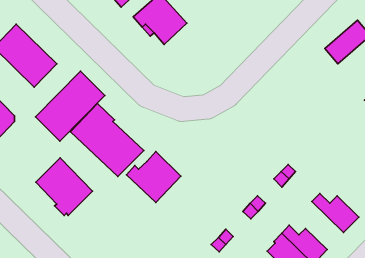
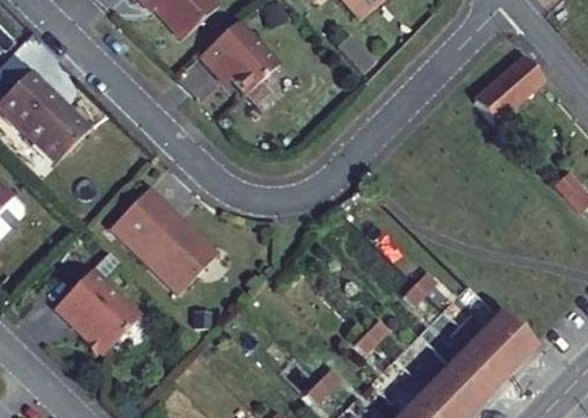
building: [35,71,105,141] -> none
building: [127,152,181,202] -> none
building: none -> [451,328,508,399]

